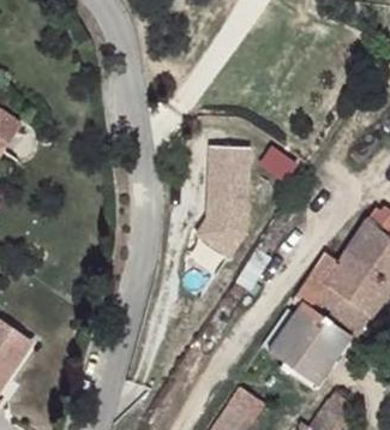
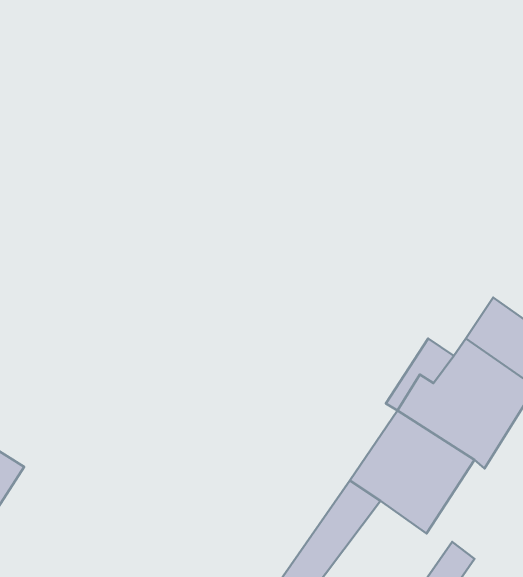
building: [202,147,257,261] -> none

